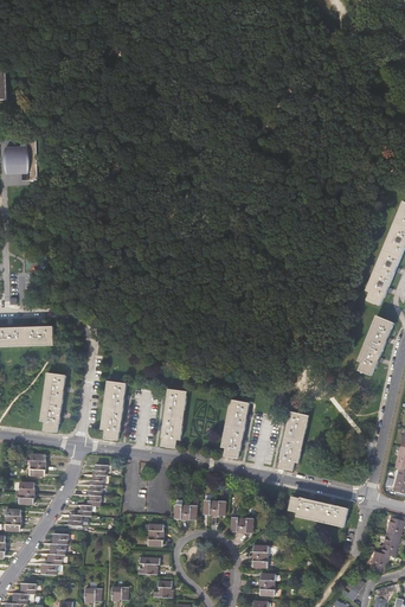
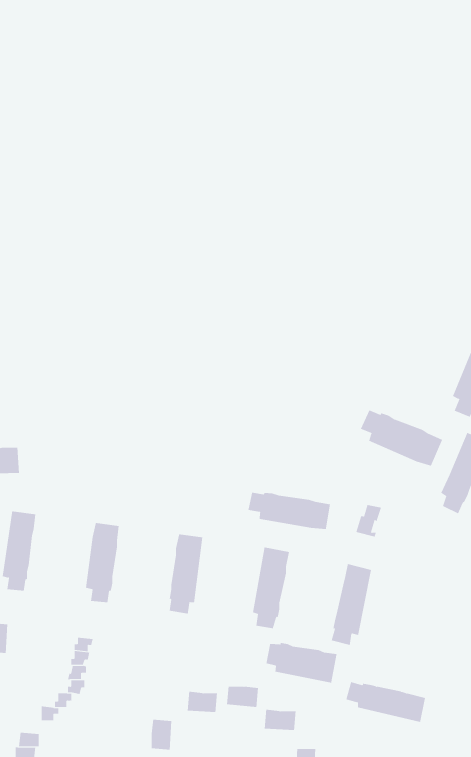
building: none -> [360,410,443,467]
building: none -> [248,492,330,530]
building: none -> [266,642,337,683]

